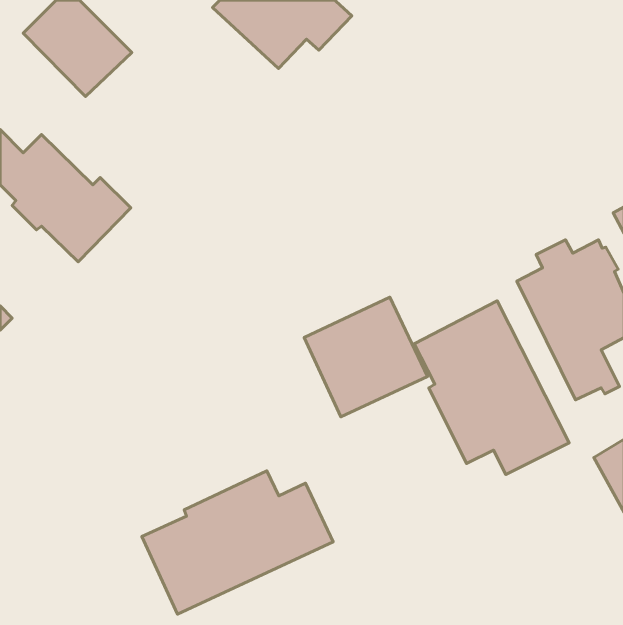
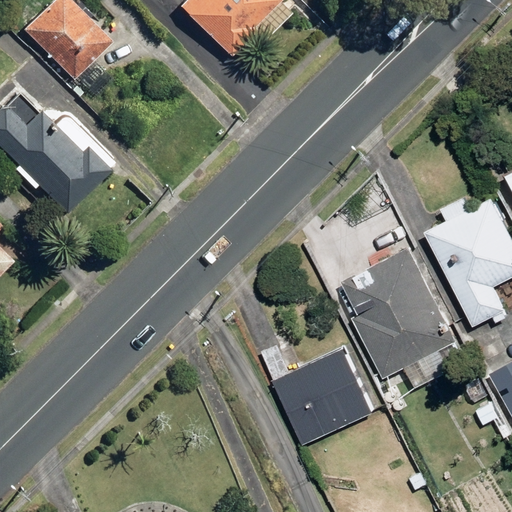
building: [304,297,428,417] -> [272,346,373,444]
building: [142,471,333,614] -> none

